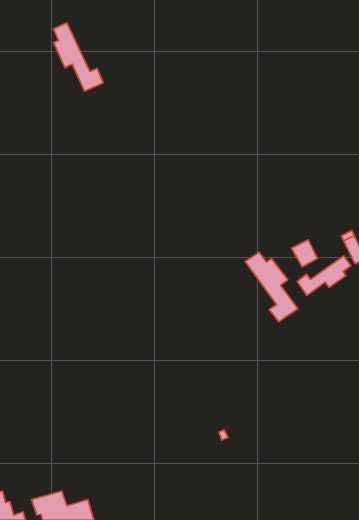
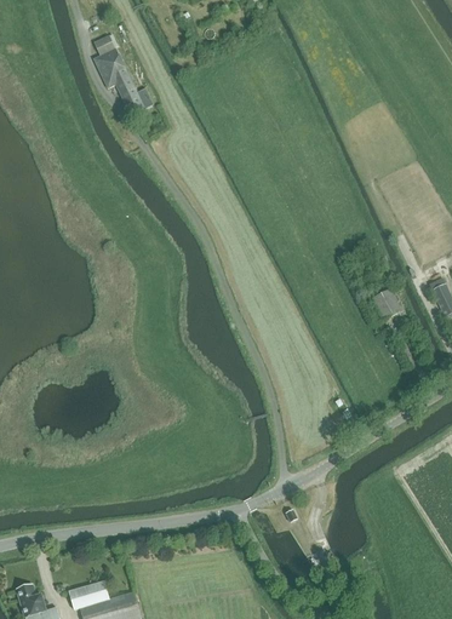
building: [245,252,298,322] -> none
building: [297,256,351,296] -> none

